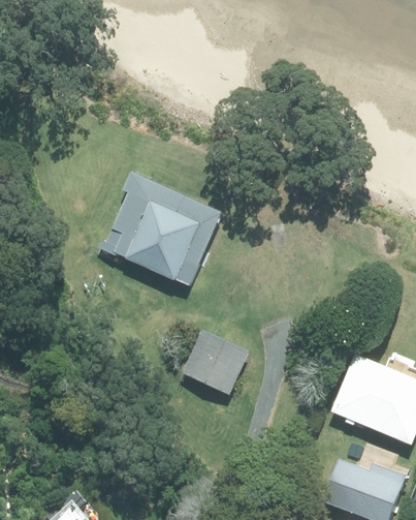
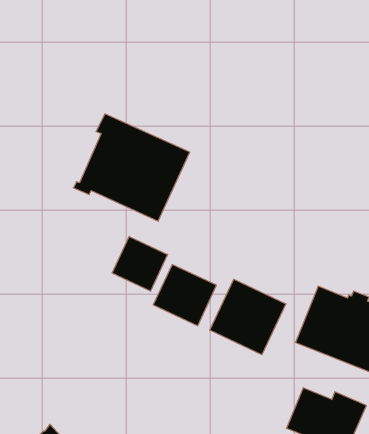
building: none -> [112,236,168,291]
building: none -> [210,279,286,355]

